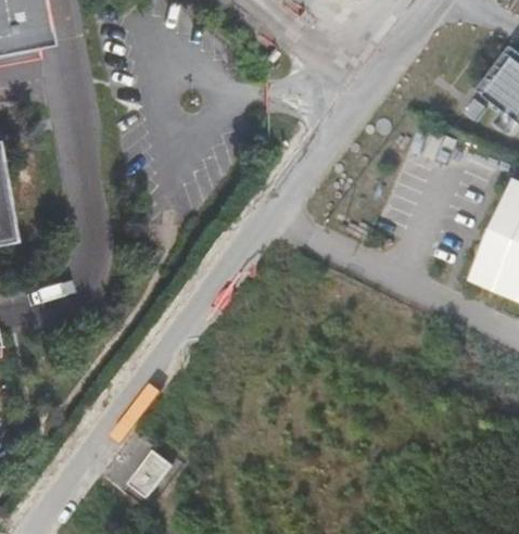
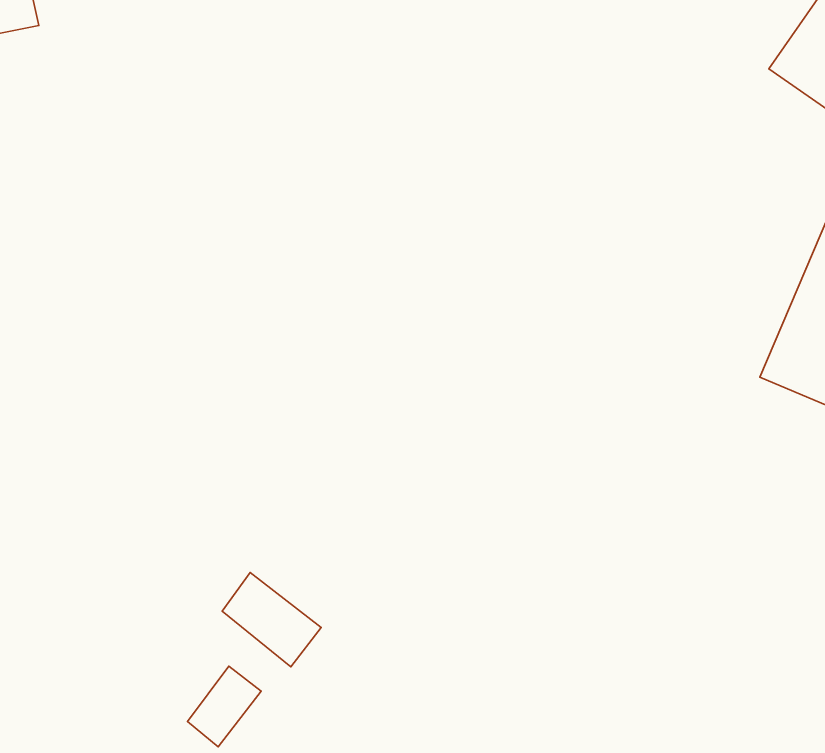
building: none -> [222,573,321,667]

